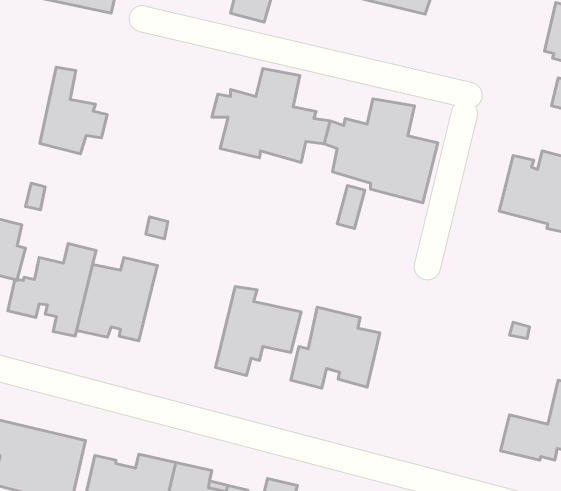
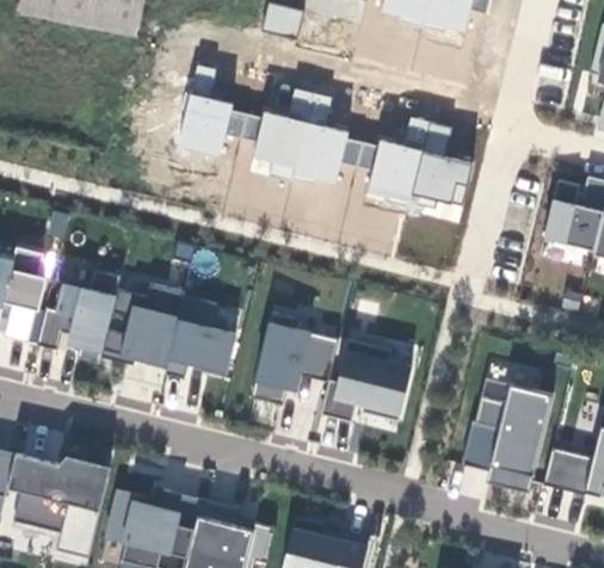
building: [40,67,107,154] -> [179,67,248,156]
building: none -> [166,297,238,381]
building: none -> [458,383,549,493]

